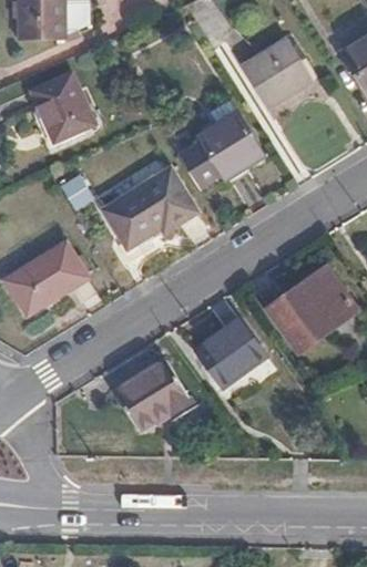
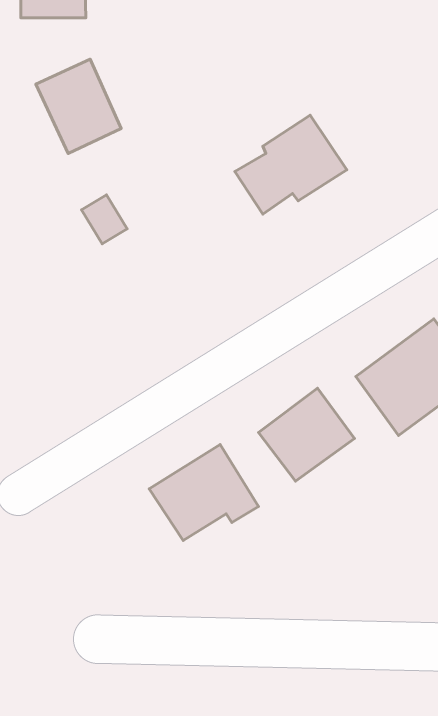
building: [239,35,316,106] -> none
building: [103,166,197,244] -> none
building: [6,237,89,310] -> none

